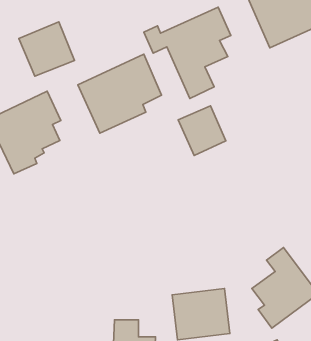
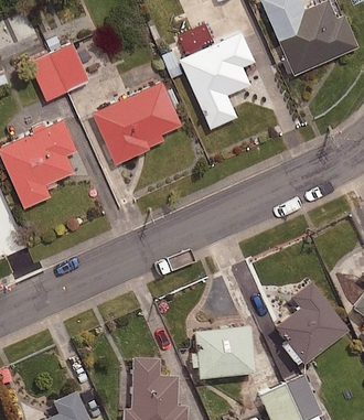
building: [178,106,226,156] -> none

